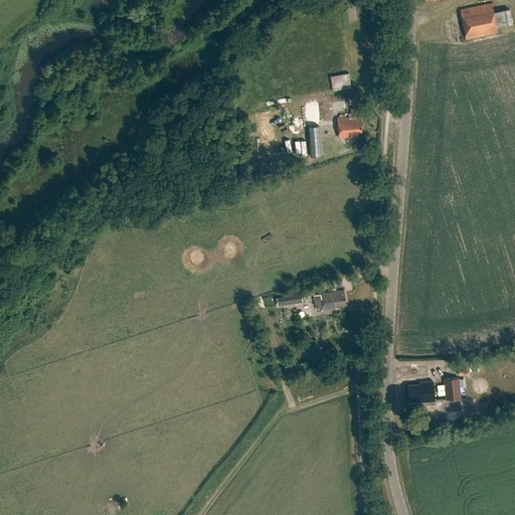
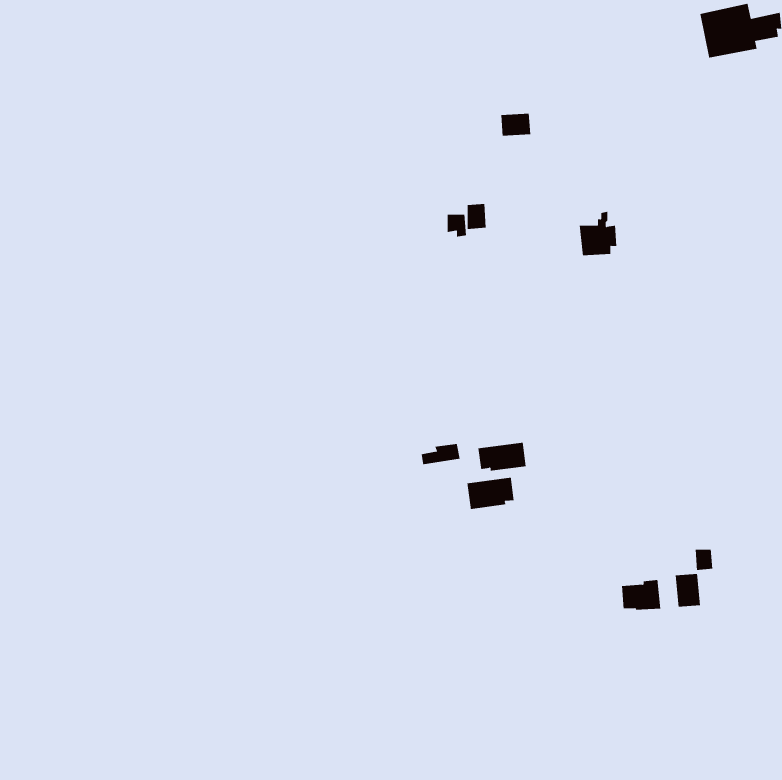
building: [337,110,362,139] -> [579,211,617,256]
building: none -> [467,477,514,510]

